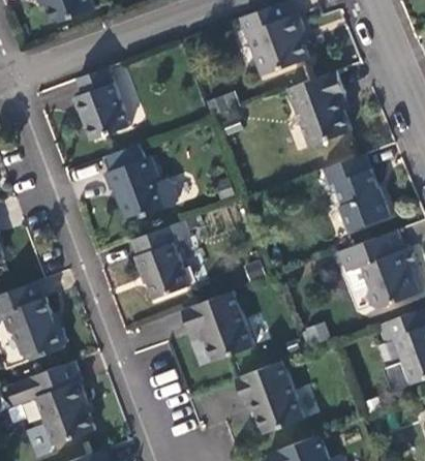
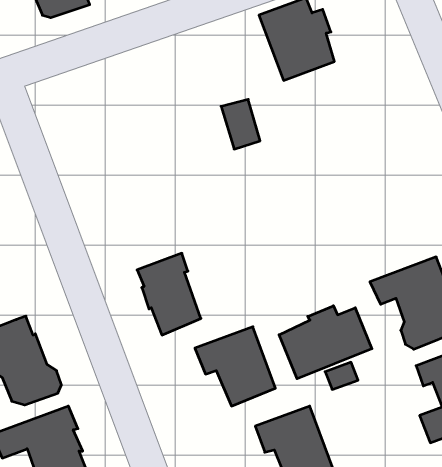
building: [75,67,129,141] -> none
building: [287,70,350,146] -> none
building: [322,154,387,230] -> none
building: [105,155,179,218] -> none
building: none -> [279,306,372,379]

